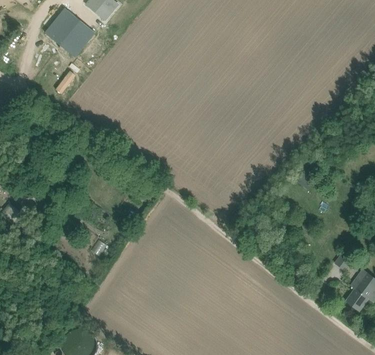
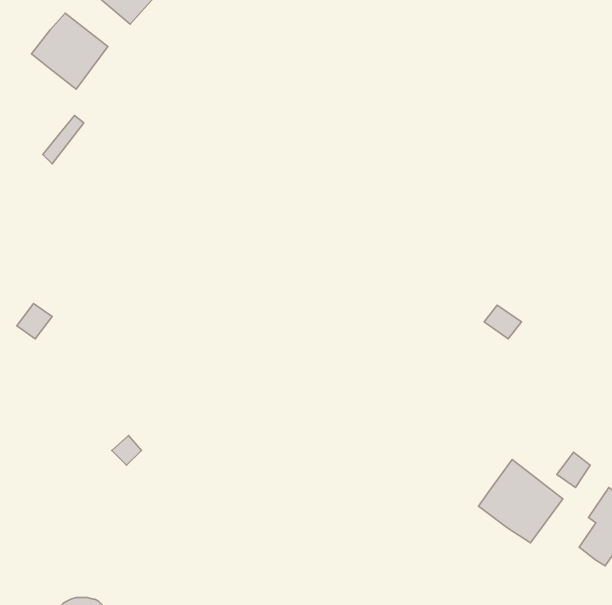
building: none -> [478,460,563,543]

